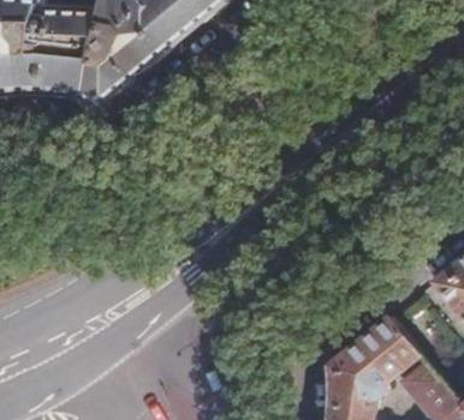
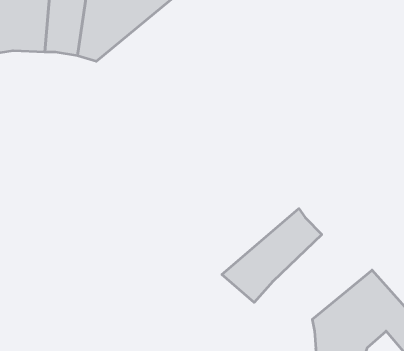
building: none -> [222,209,322,302]

